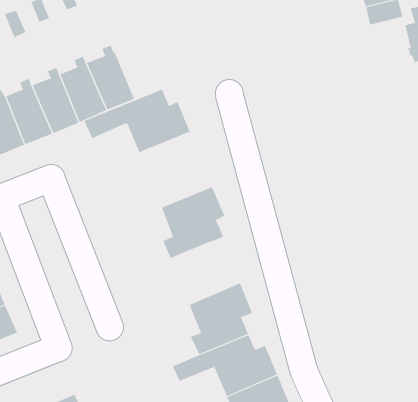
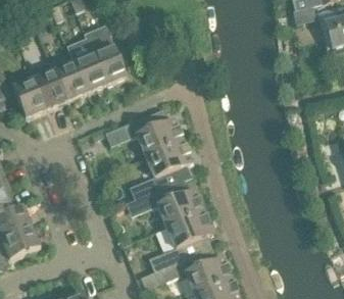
building: [83,89,190,153] -> [104,108,183,155]
building: none -> [144,181,203,227]

